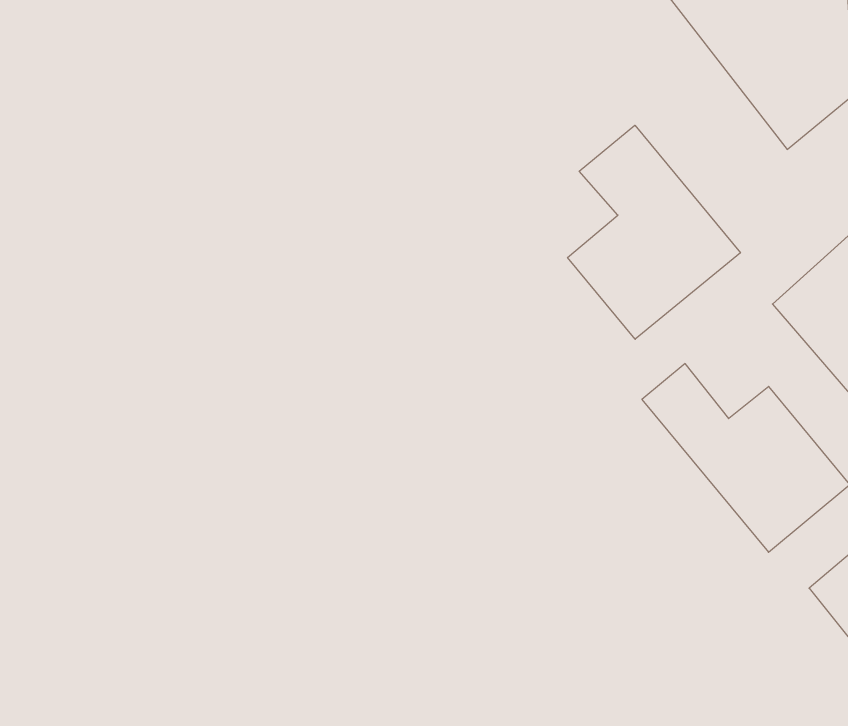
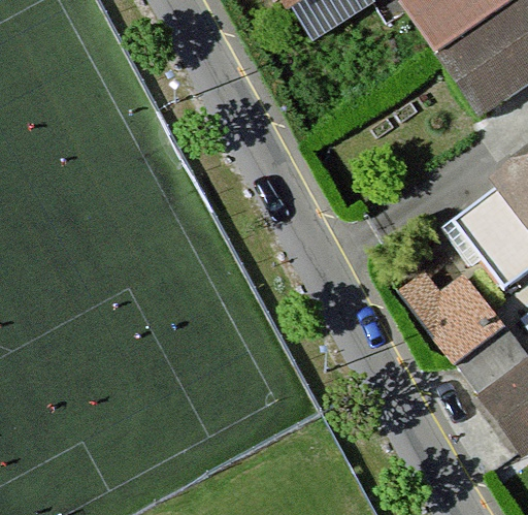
building: [568,125,740,339] -> none

